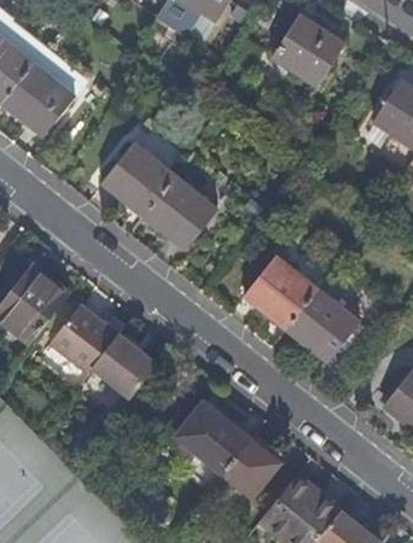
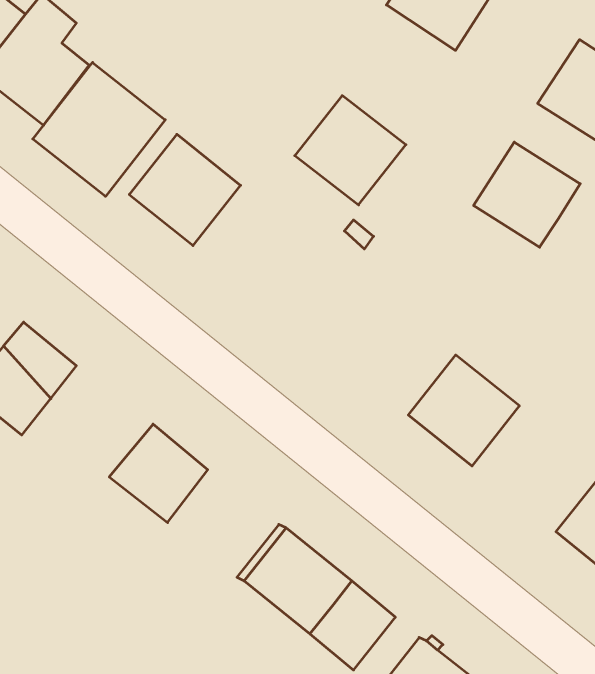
building: none -> [33,62,165,196]
building: none -> [474,142,580,247]
building: [144,176,217,249] -> [295,96,406,205]
building: [244,256,318,328] -> none
building: [47,304,117,374] -> none

